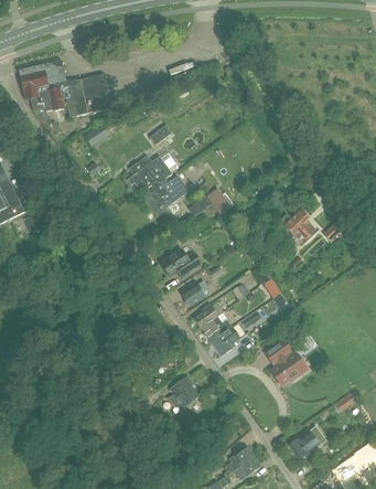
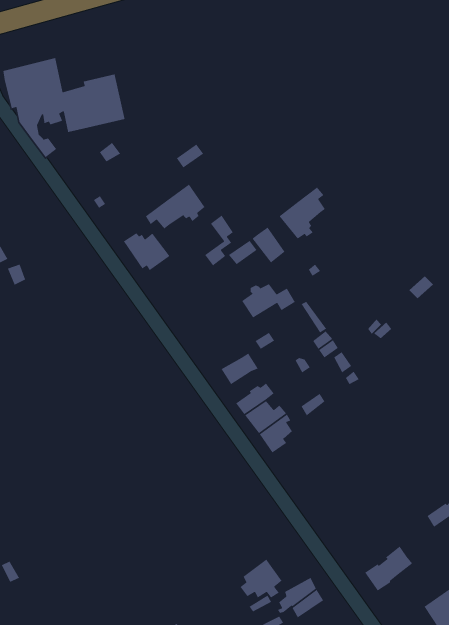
building: none -> [279,187,326,240]
building: [144,180,180,209] -> [123,232,170,271]
building: [281,209,315,245] -> none
building: [160,249,201,276] -> [241,283,296,319]
building: [265,340,303,385] -> none
building: [168,378,200,407] -> [240,559,283,599]

